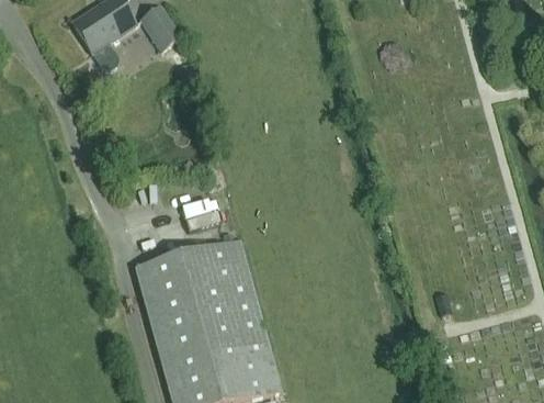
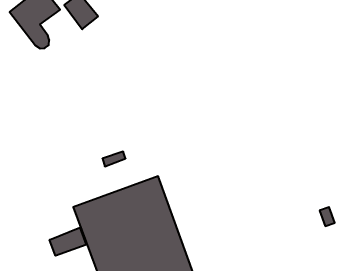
building: none -> [50,228,86,256]

